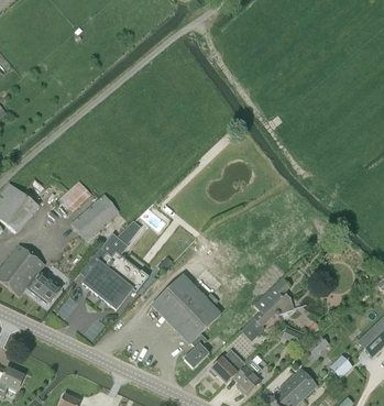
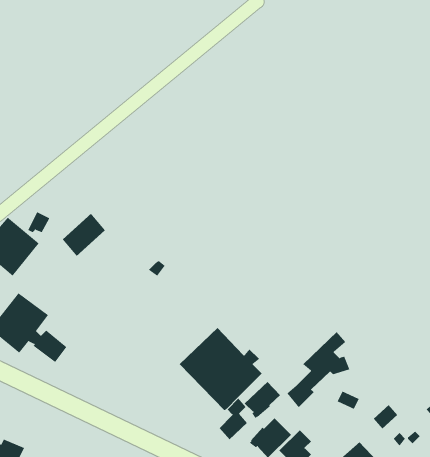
building: [72,195,119,240] -> none
building: [83,233,149,309] -> none
building: none -> [244,381,281,419]

